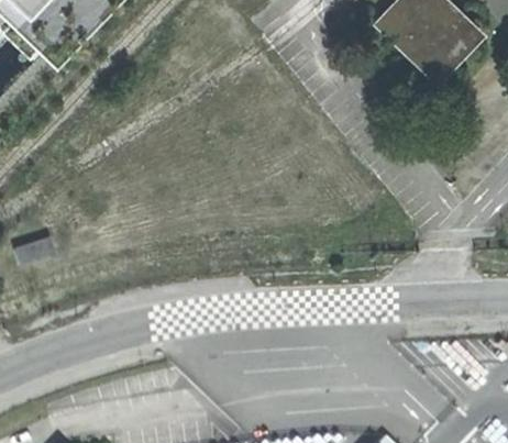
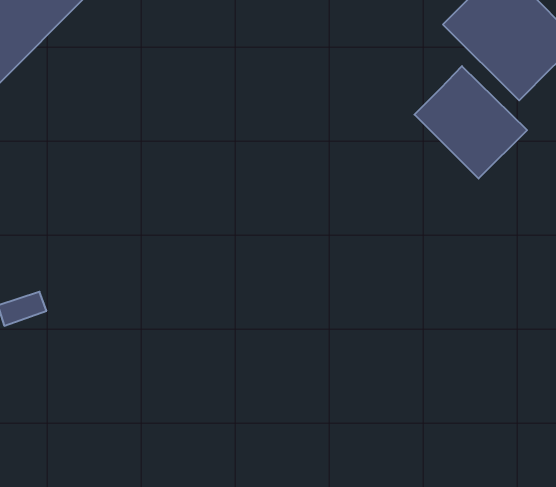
building: none -> [414,66,527,179]

